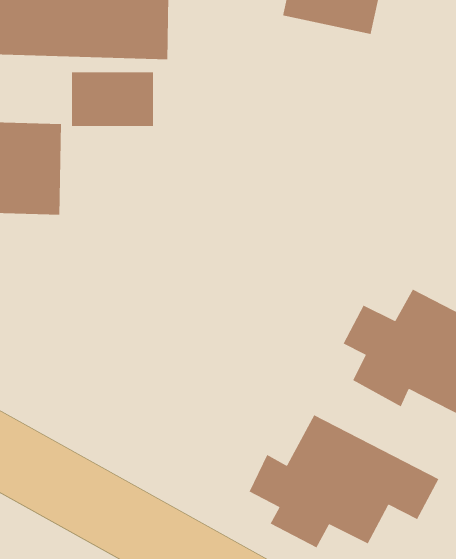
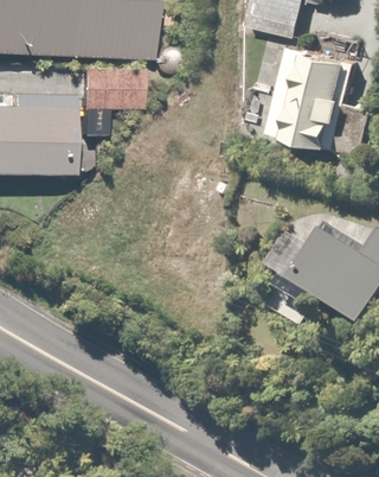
building: none -> [251,40,348,150]
building: [249,414,439,549] -> none

